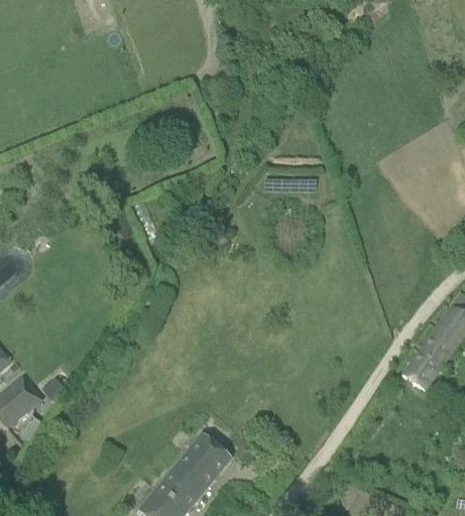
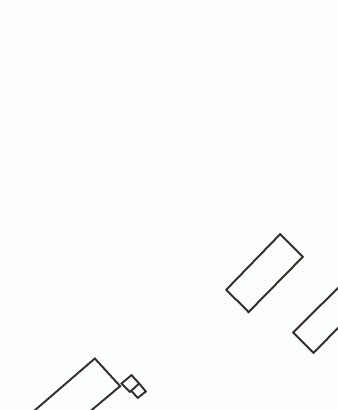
building: none -> [227,234,303,312]

